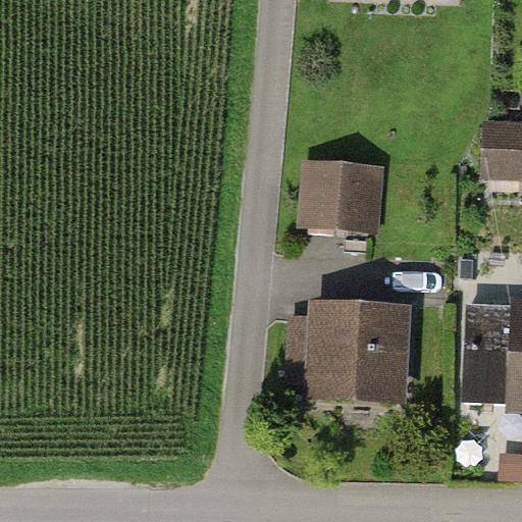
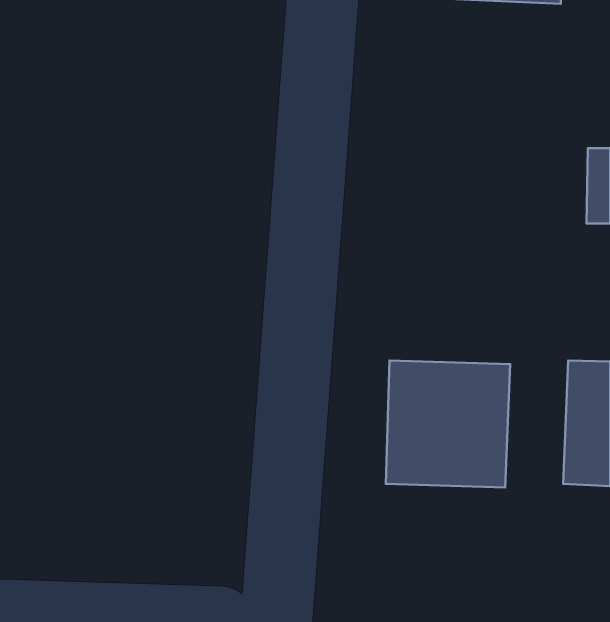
building: [319,166,382,231] -> none

